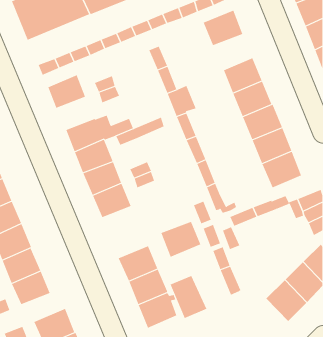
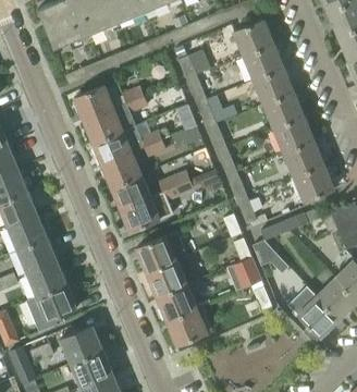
building: none -> [243,44,284,81]
building: none -> [83,108,123,142]
building: [161,221,201,257] -> [136,236,177,273]
building: [170,275,207,319] -> none

